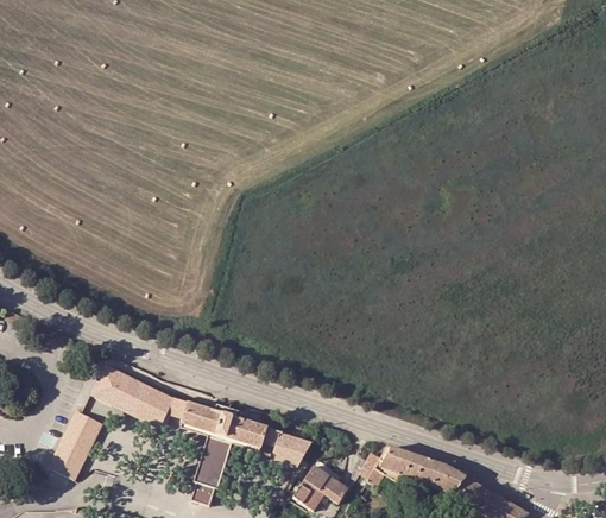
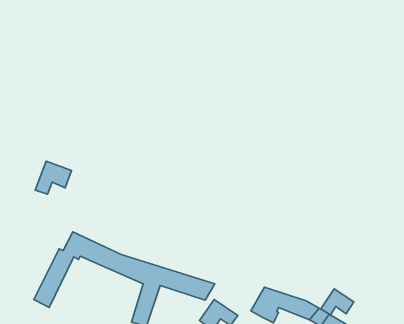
building: none -> [35,161,71,194]
building: none -> [321,289,354,315]

